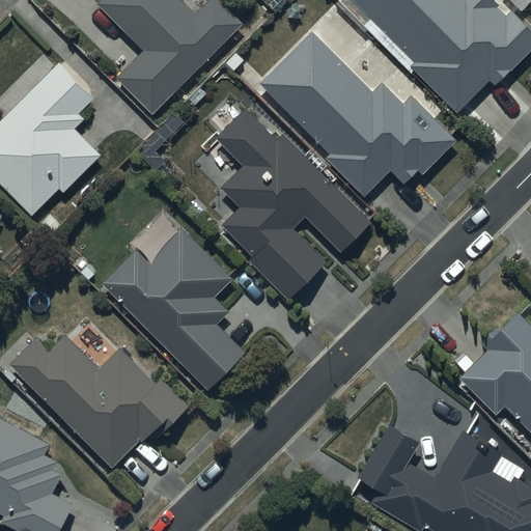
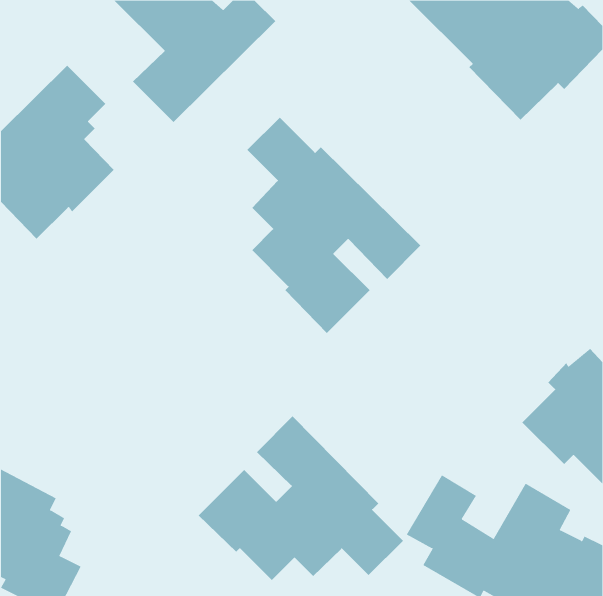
building: [260,33,455,196] -> none
building: [102,228,245,390] -> none
building: [10,335,189,469] -> none
building: none -> [198,416,404,581]

